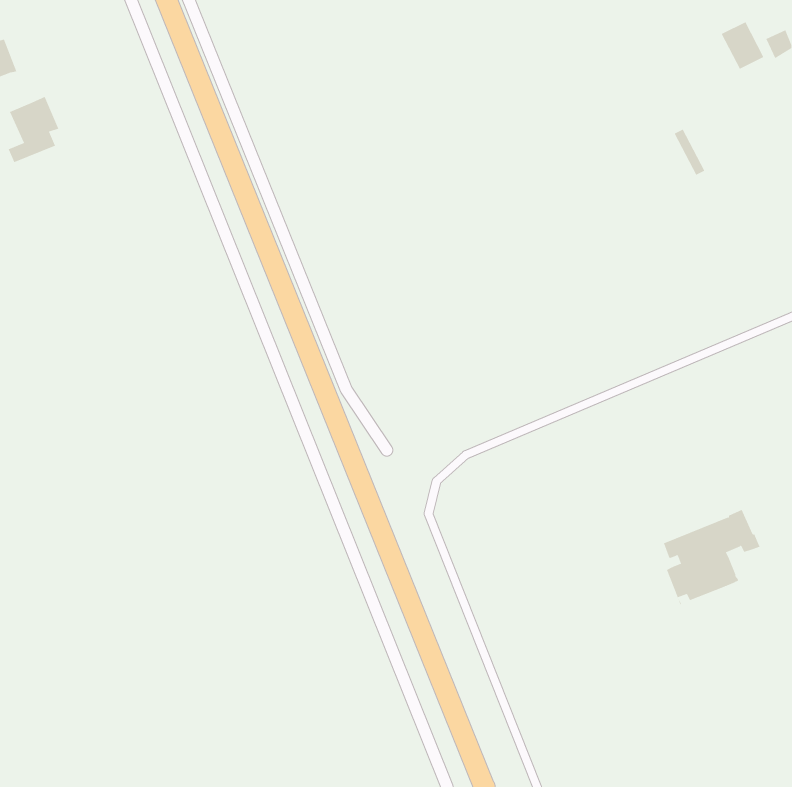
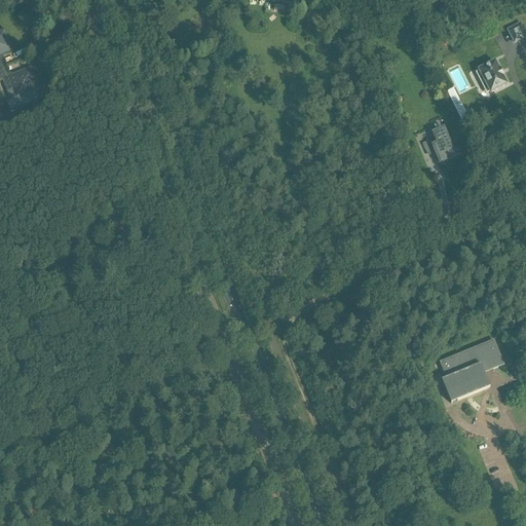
building: [721,22,764,70] -> [477,58,505,89]
building: none -> [422,126,459,161]

